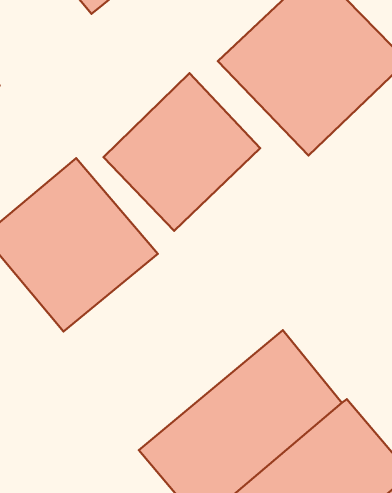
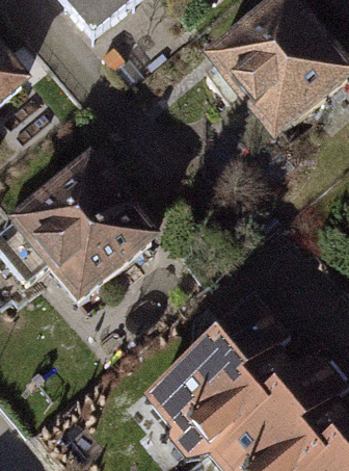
building: [104,73,260,231] -> none

